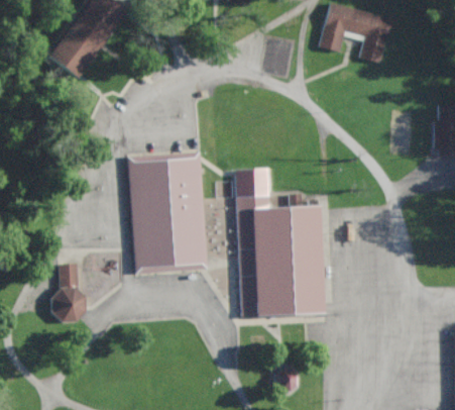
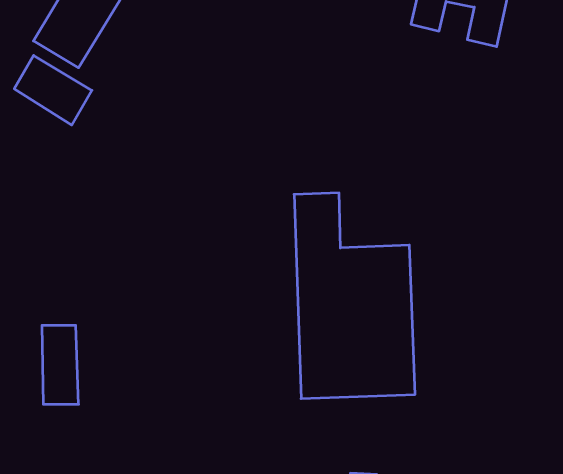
building: none -> [14,55,92,125]
building: [129,152,207,274] -> none

